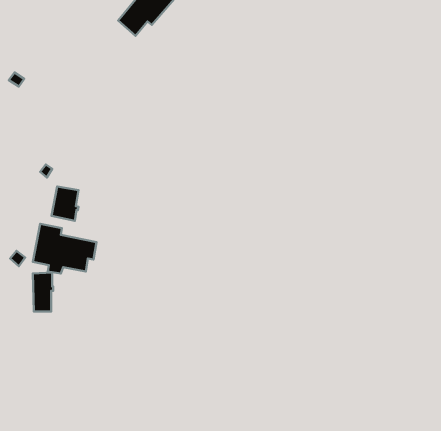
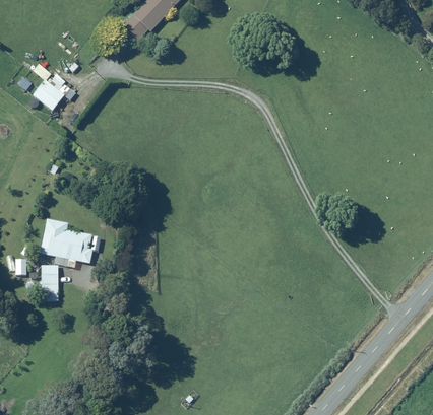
building: none -> [33,73,76,111]
building: [51,186,78,221] -> none

